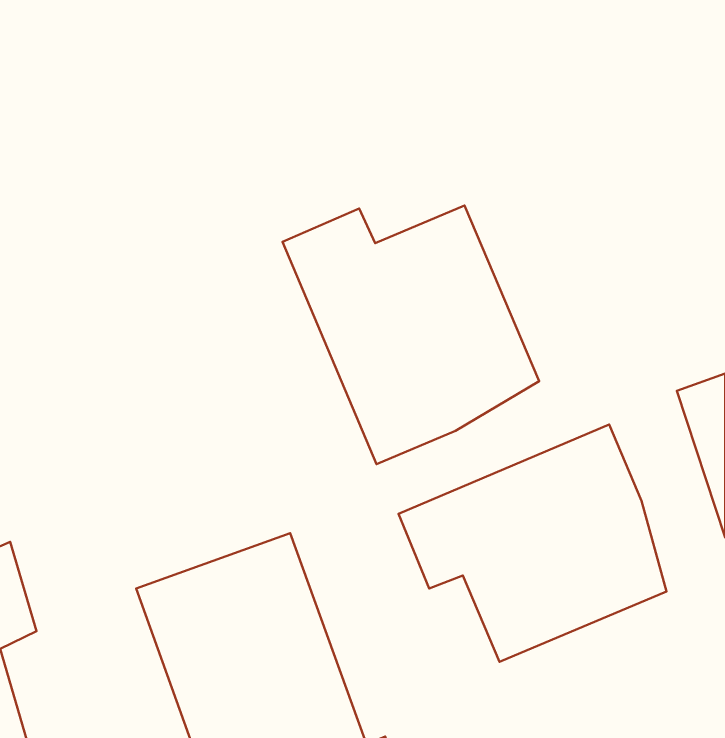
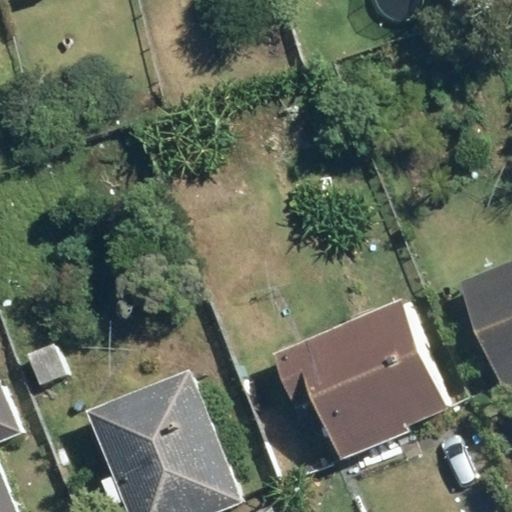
building: [283,205,539,464] -> none

